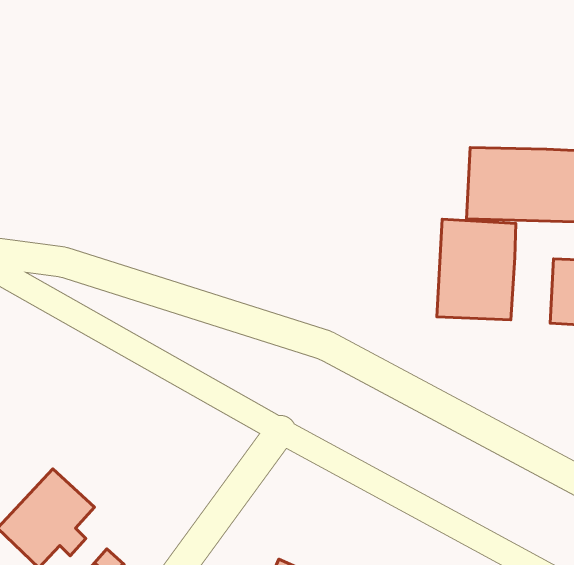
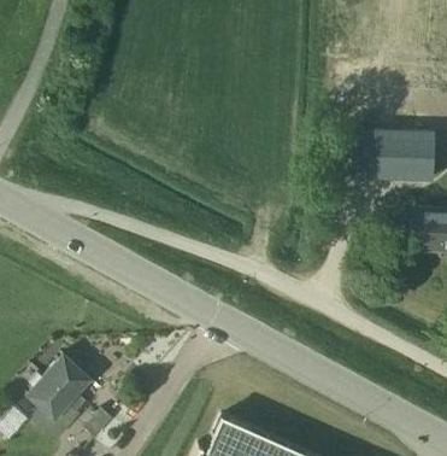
building: [437,219,516,320] -> none

